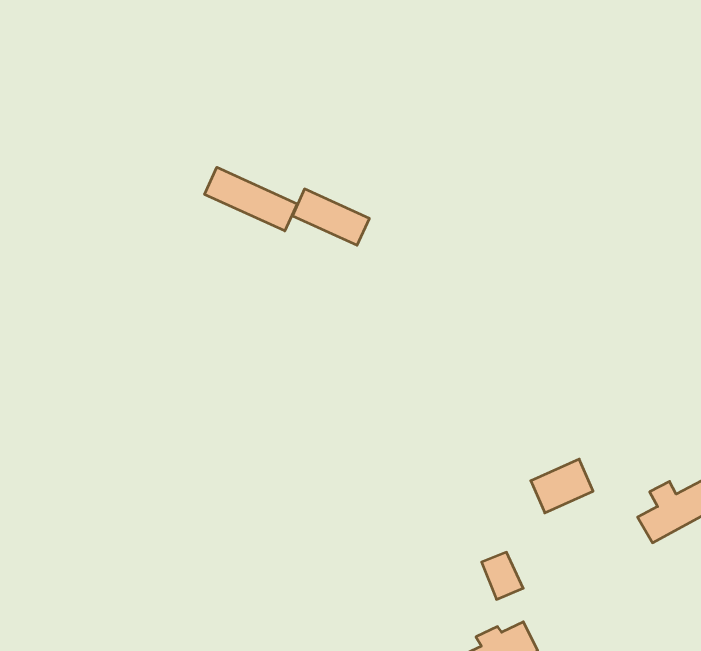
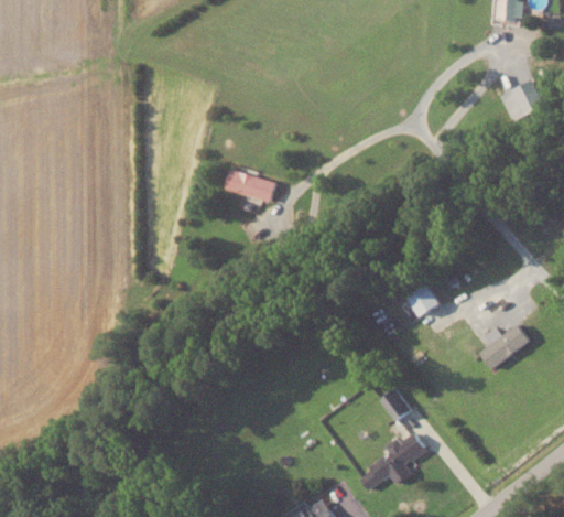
building: [205,167,297,231] -> none
building: [531,459,593,513] -> [399,284,441,323]

